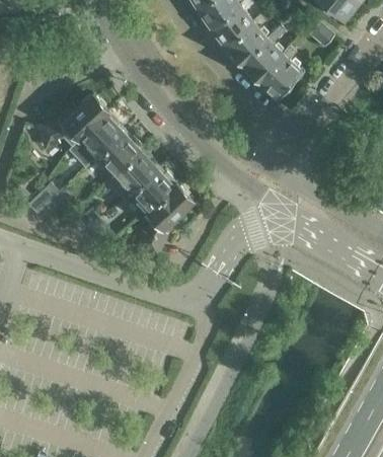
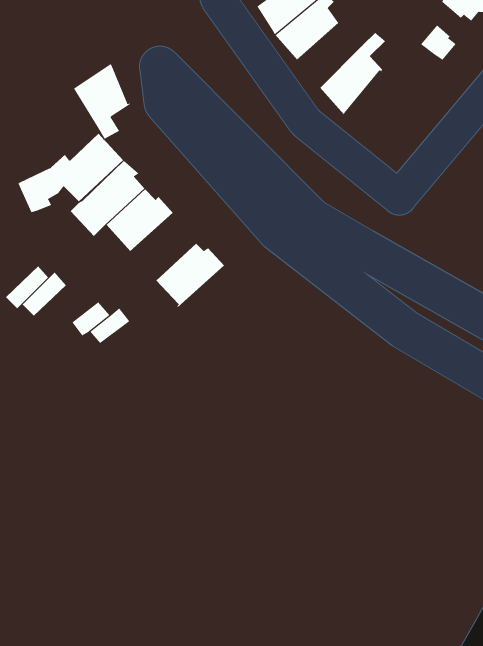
building: [221,8,269,63] -> none
building: none -> [73,63,130,139]
building: [253,47,298,96] -> none
building: [108,147,153,193] -> none
building: [131,182,187,253] -> none

